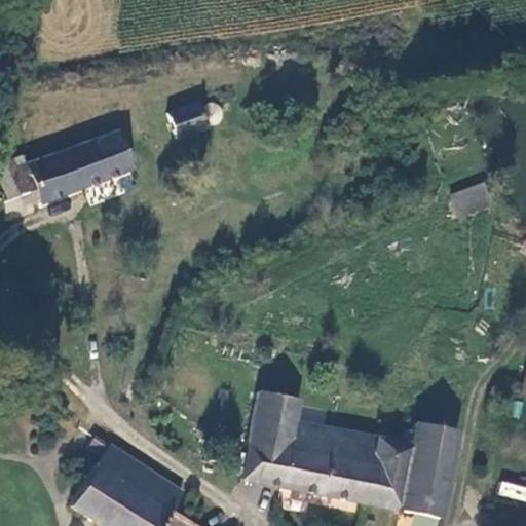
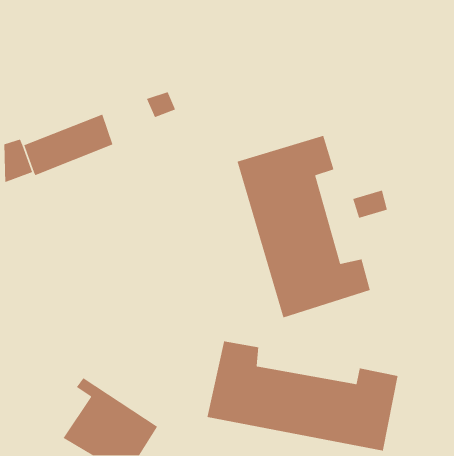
building: none -> [237,135,371,319]
building: [452,182,493,216] -> [352,189,388,219]

